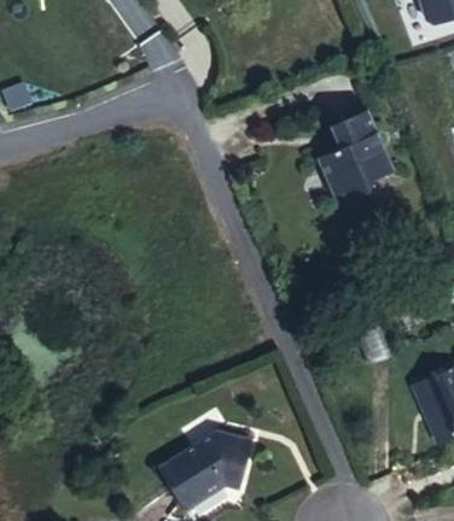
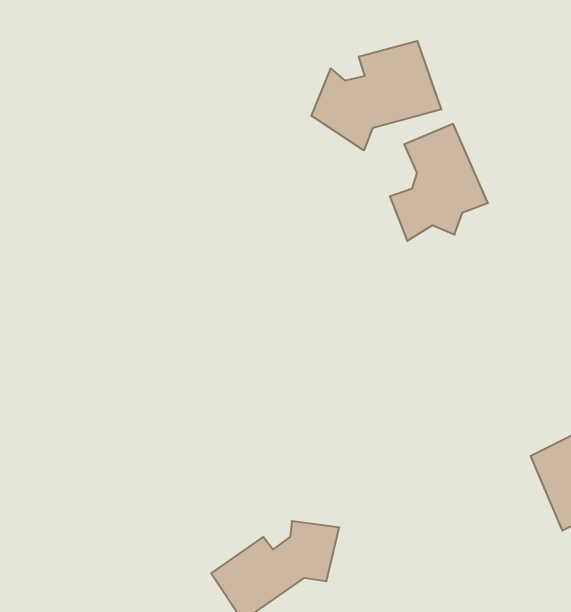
building: none -> [311,41,441,150]

